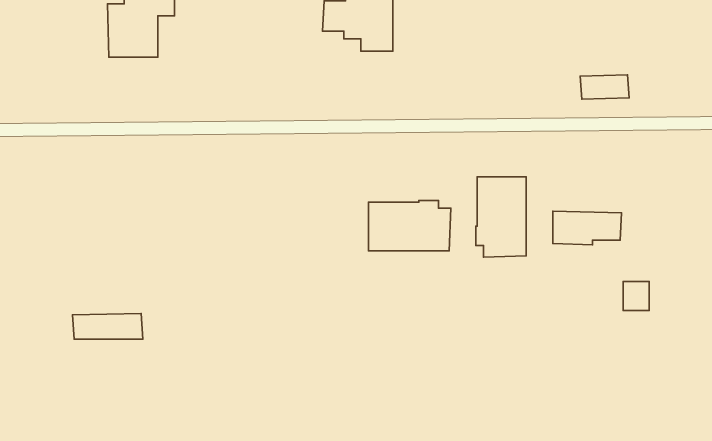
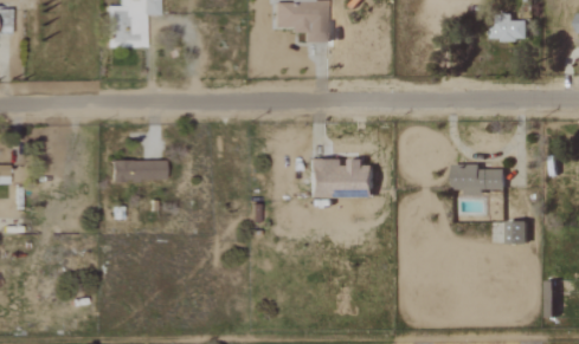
building: [580,75,629,99] -> [491,20,529,39]
building: [476,177,526,257] -> none
building: [73,313,143,339] -> [111,160,166,180]

